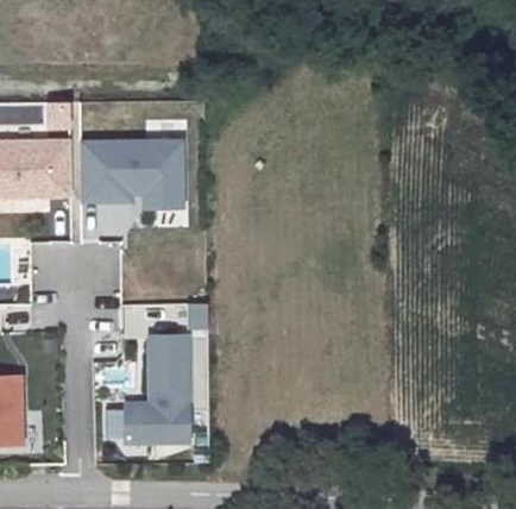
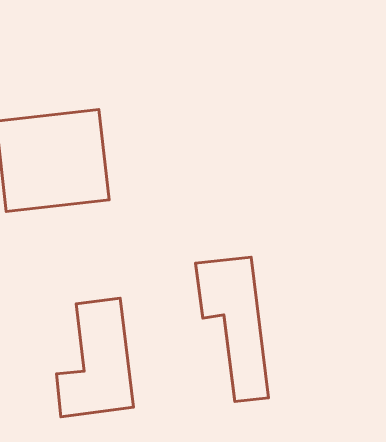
building: none -> [195,257,269,402]

